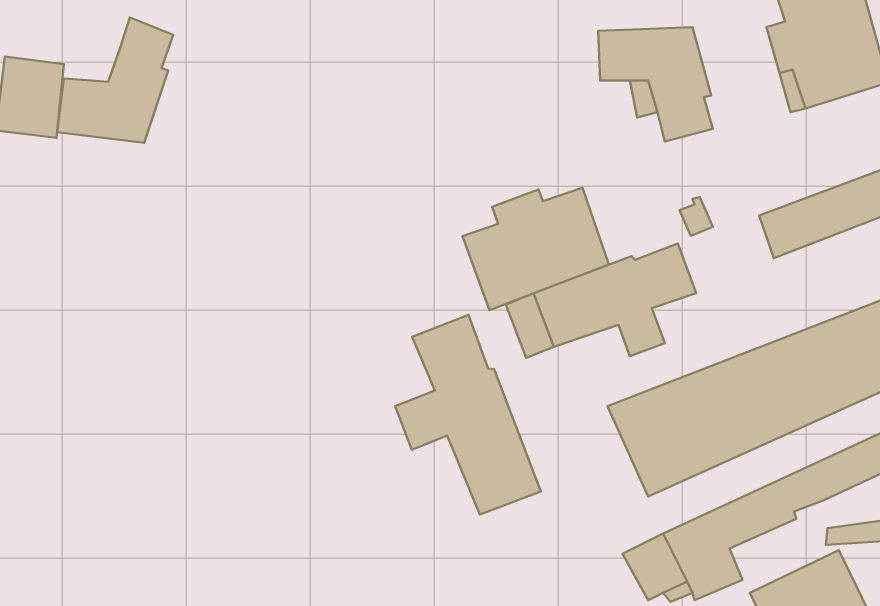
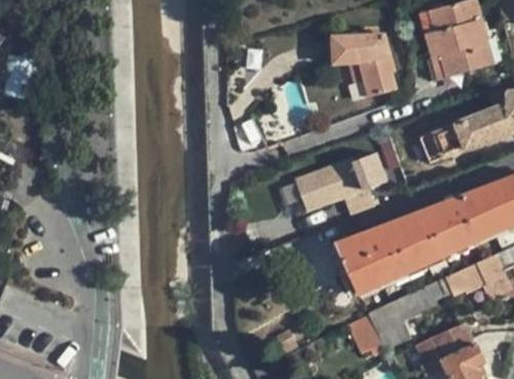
building: [57,17,173,143] -> none
building: [463,188,609,310] -> none
building: [395,315,541,515] -> none

